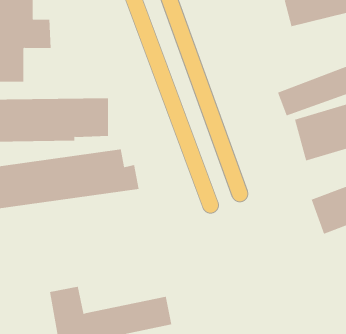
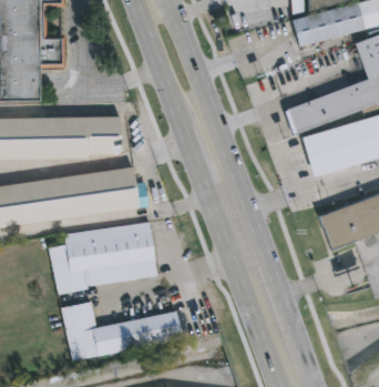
building: none -> [49,222,158,295]

